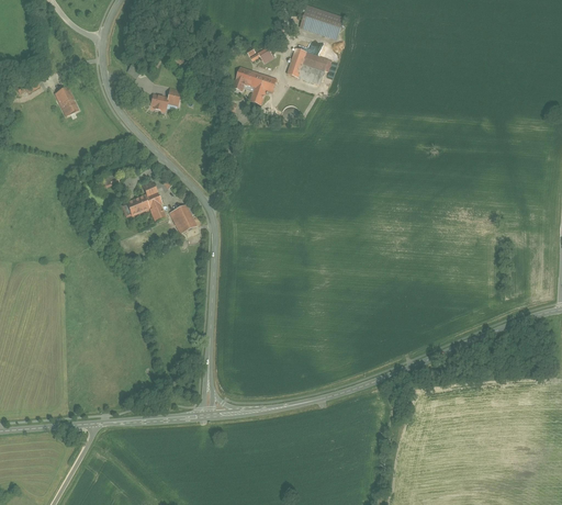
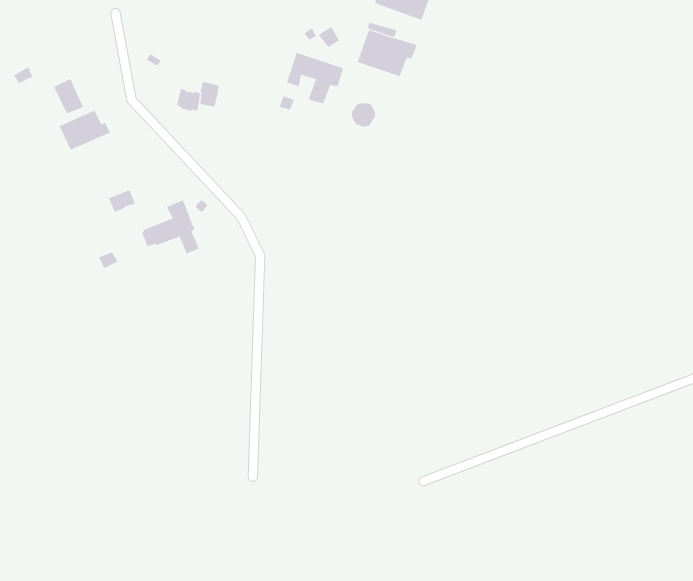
building: none -> [59,110,111,151]
building: [168,204,195,235] -> none

